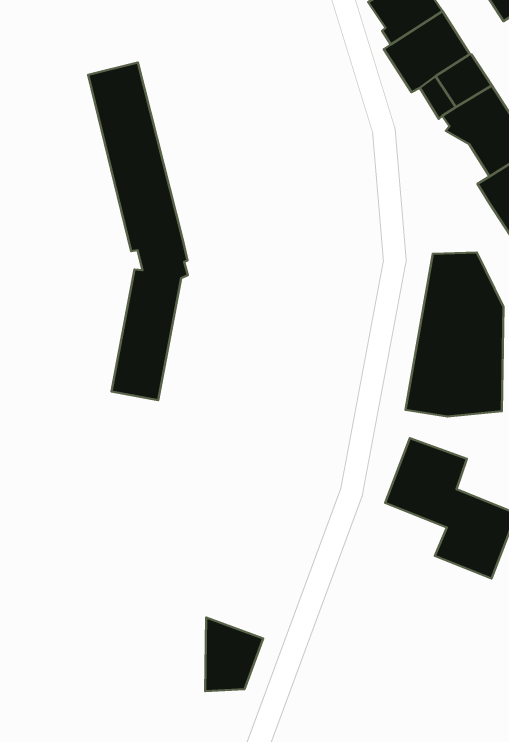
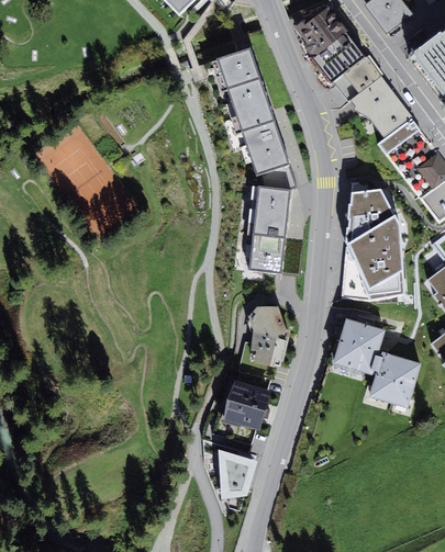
building: [88,62,188,400] -> [216,46,294,272]
building: none -> [248,305,290,367]
building: none -> [222,380,269,429]

